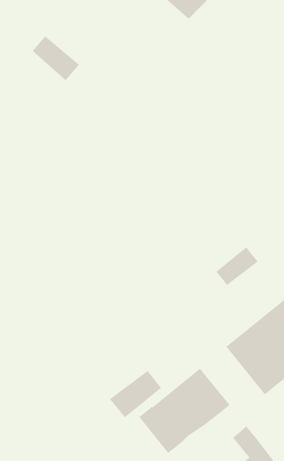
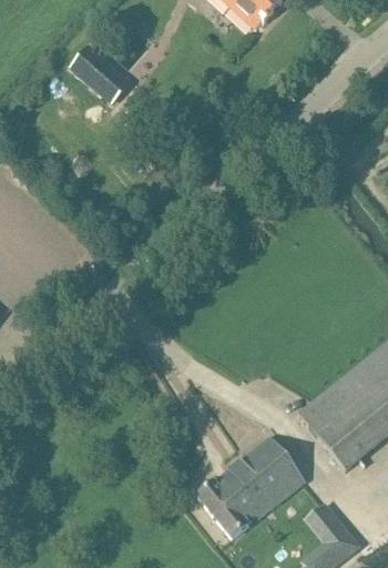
building: [216,247,259,286] -> none
building: [109,370,162,418] -> none

